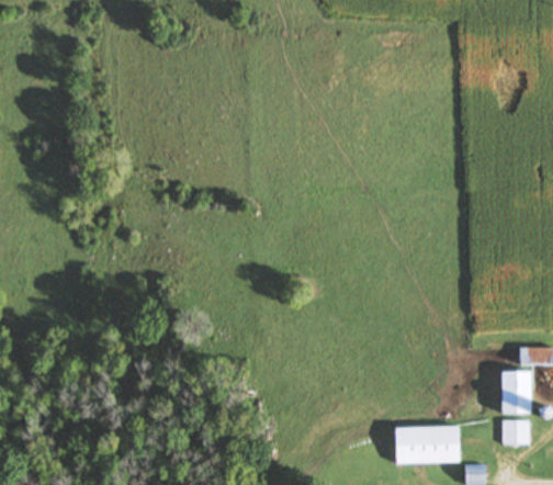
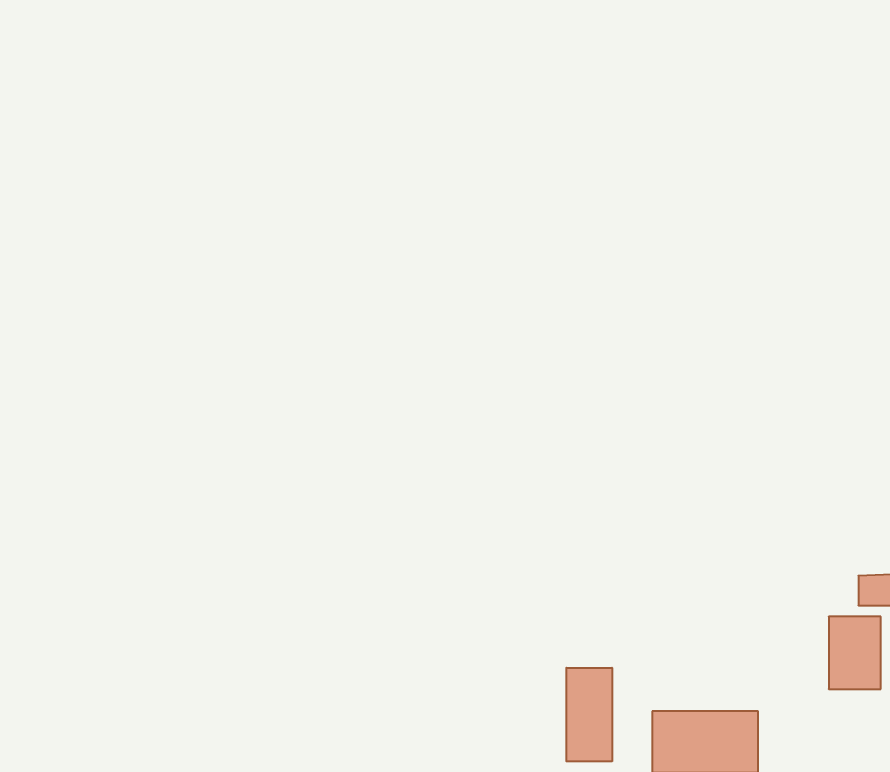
building: none -> [566,668,612,761]
building: [500,419,528,444] -> none

